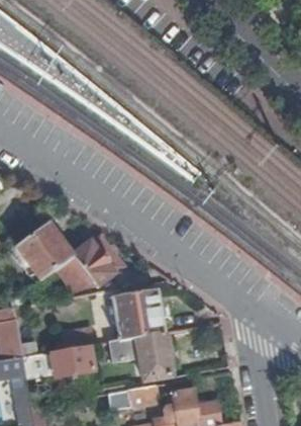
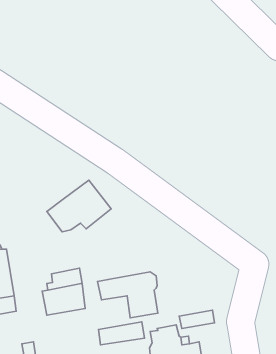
building: [16,223,73,279] -> none
building: [112,284,165,340] -> none

